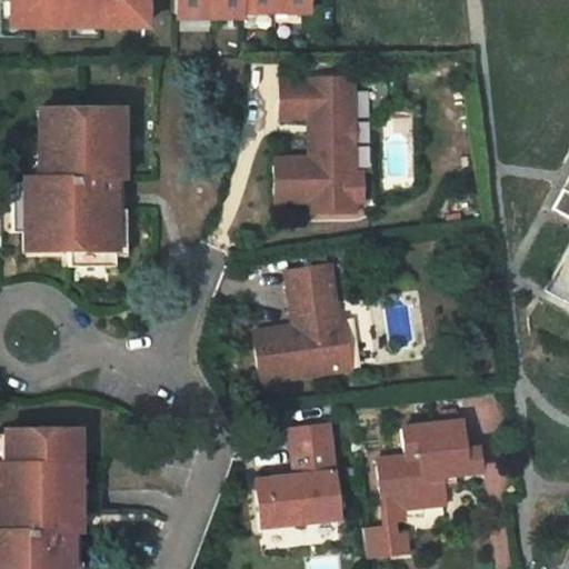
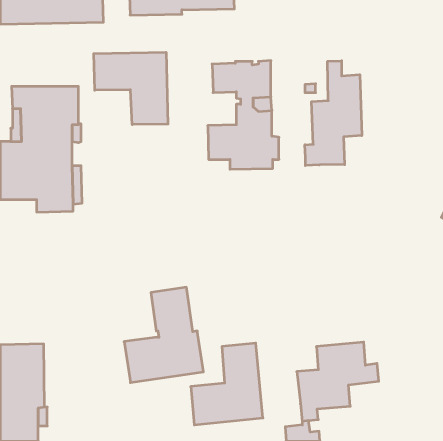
building: none -> [94,52,168,125]
building: none -> [305,61,362,166]
building: [253,266,352,385] -> [124,287,203,383]

